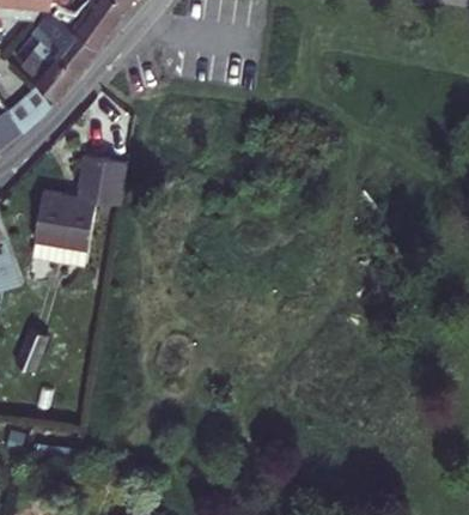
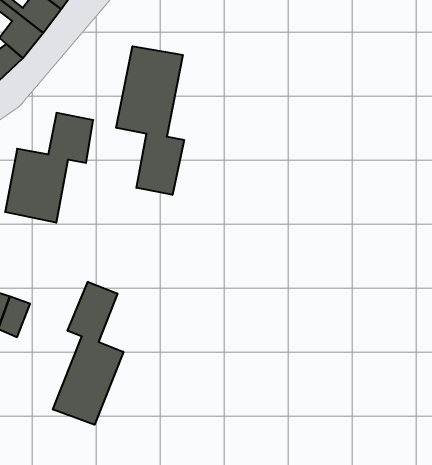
building: none -> [116,46,184,195]
building: none -> [53,282,123,425]

